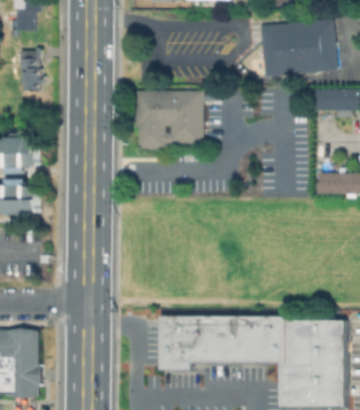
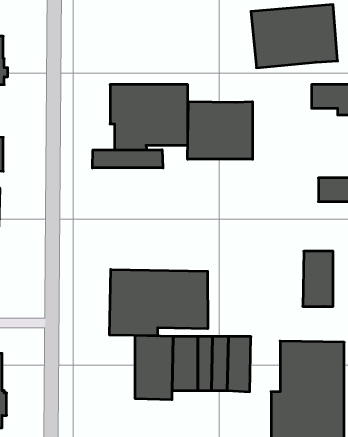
building: none -> [188,101,253,159]
building: none -> [92,150,163,168]
building: none -> [110,269,208,336]
building: [260,316,287,365] -> [303,251,333,306]

